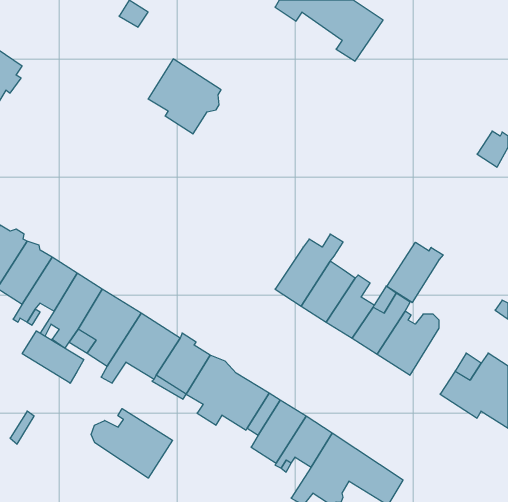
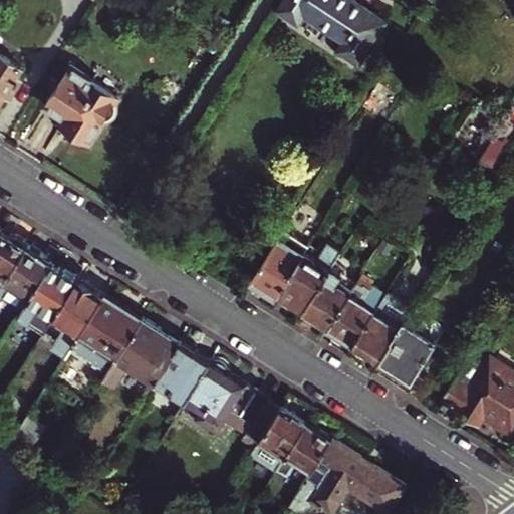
building: [148,59,221,134] -> [44,72,117,148]
building: none -> [251,228,304,299]
building: [387,242,443,303] -> none
building: [22,331,84,383] -> none
building: [91,409,173,478] -> none

